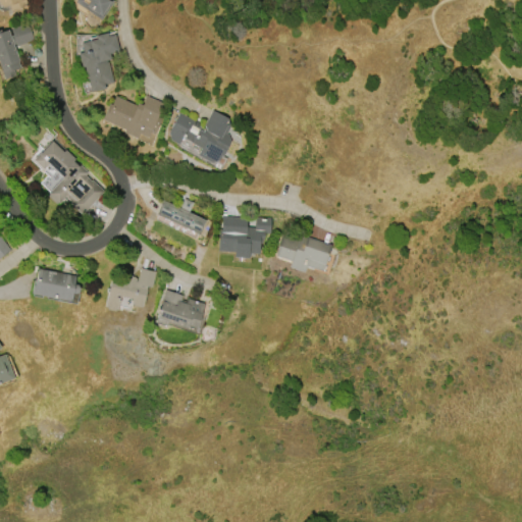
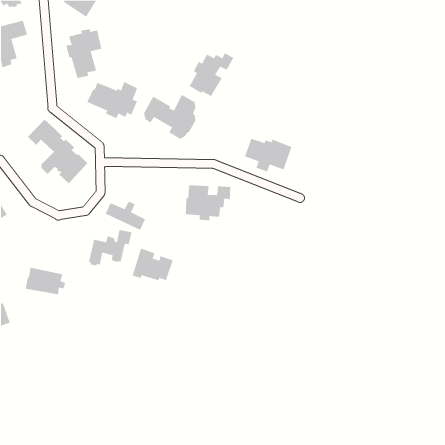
building: none -> [189,52,234,97]
building: [157,200,205,234] -> [105,201,146,230]
building: [274,236,330,275] -> [244,138,292,172]
building: [32,269,80,302] -> [25,267,66,295]

